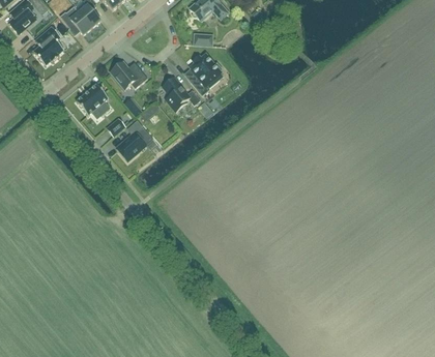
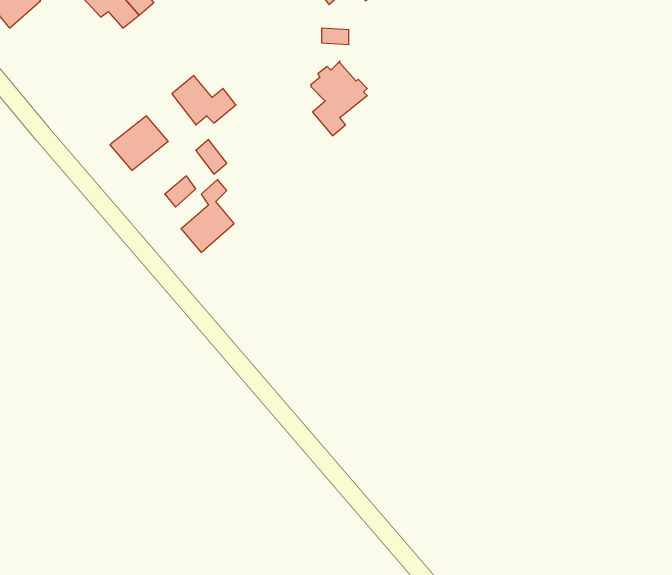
building: [32,25,63,64] -> none
building: [162,76,200,111] -> none

